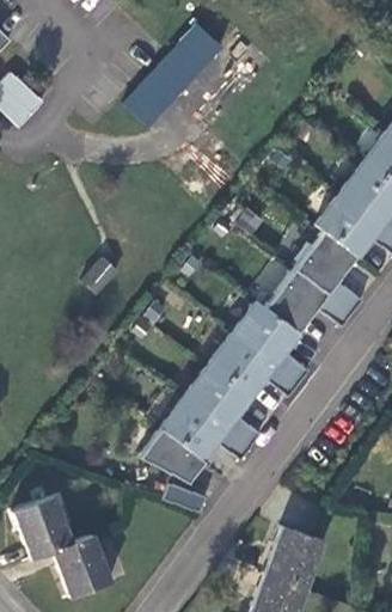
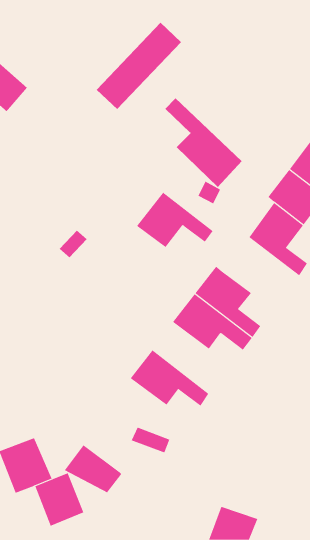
building: none -> [164,97,242,188]
building: [265,268,353,331] -> [136,192,214,248]
building: [186,363,262,445] -> none
building: [140,427,206,482] -> [64,445,122,493]
building: [264,524,323,586] -> none

